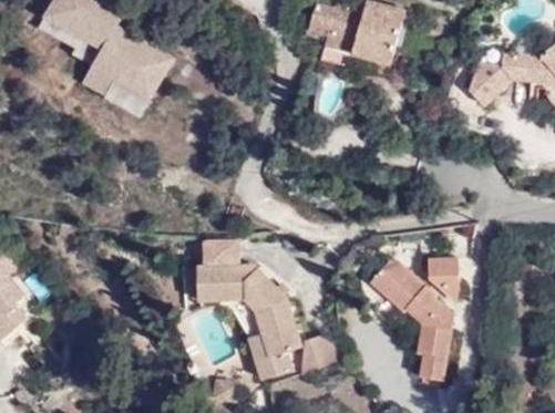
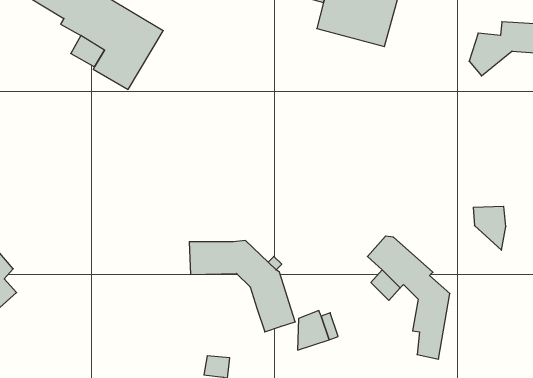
building: [199,239,239,267] -> none
building: [428,258,460,301] -> [473,206,506,250]
building: [248,332,291,379] -> none

